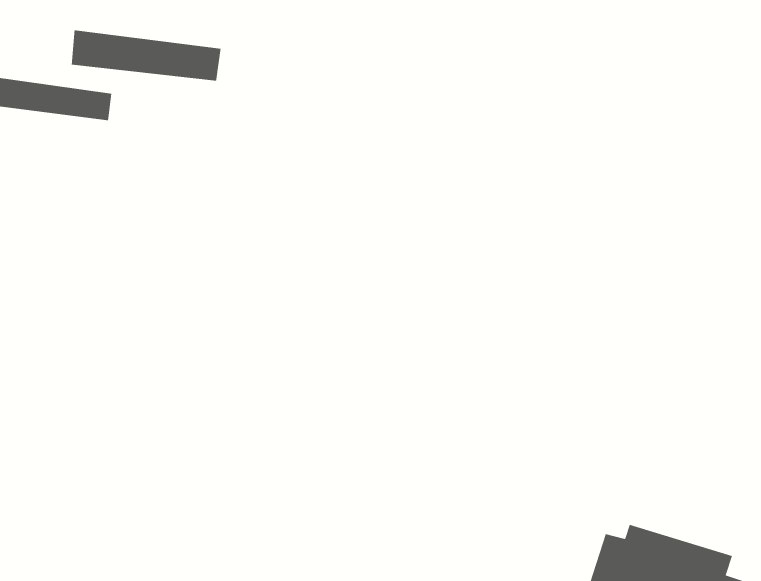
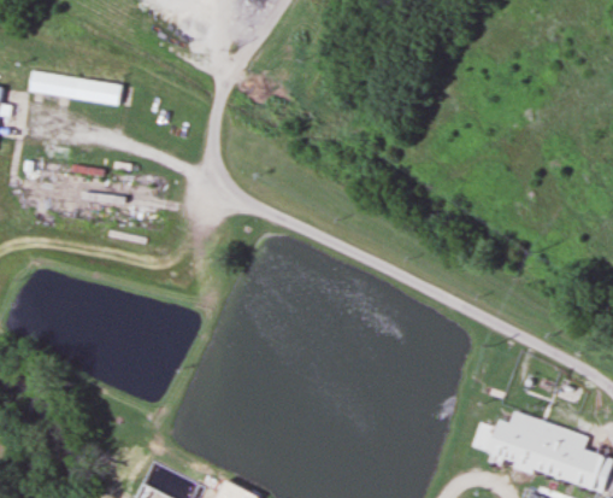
building: [71,29,221,82] -> none

